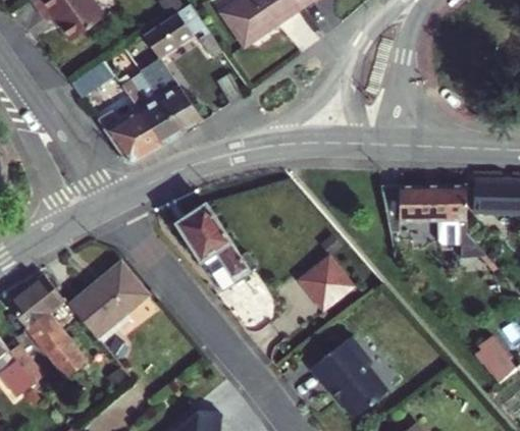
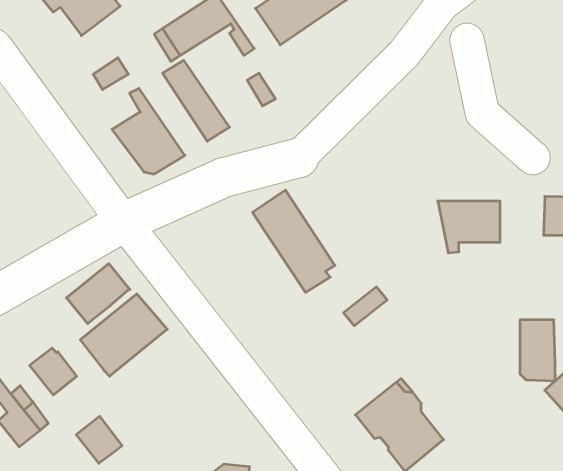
building: [121,72,180,144] -> none
building: [434,183,465,236] -> [520,320,555,381]
building: [175,202,247,290] -> [253,190,335,292]
building: [308,269,350,309] -> none
building: [8,274,63,326] -> [66,264,130,324]
building: [47,335,87,376] -> [76,416,122,463]

